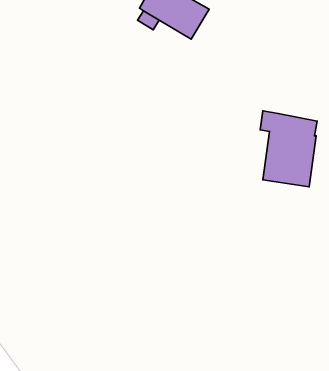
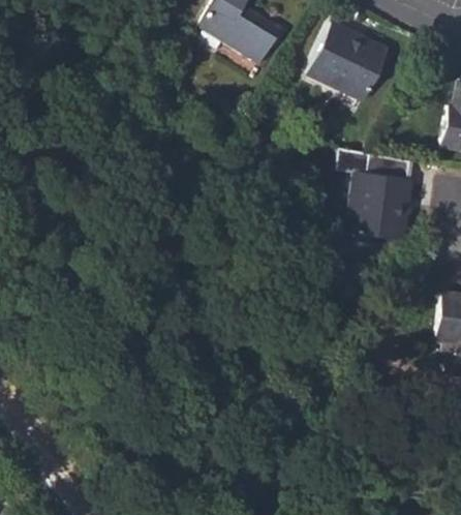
building: none -> [308,23,389,101]

